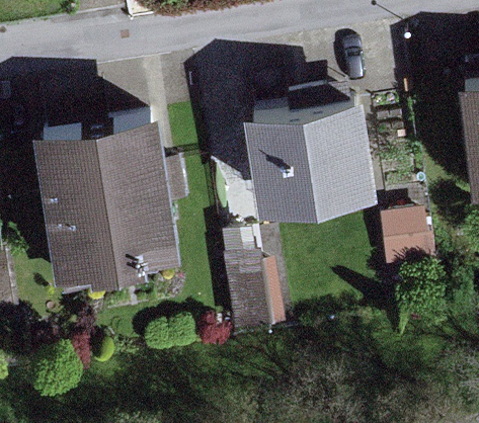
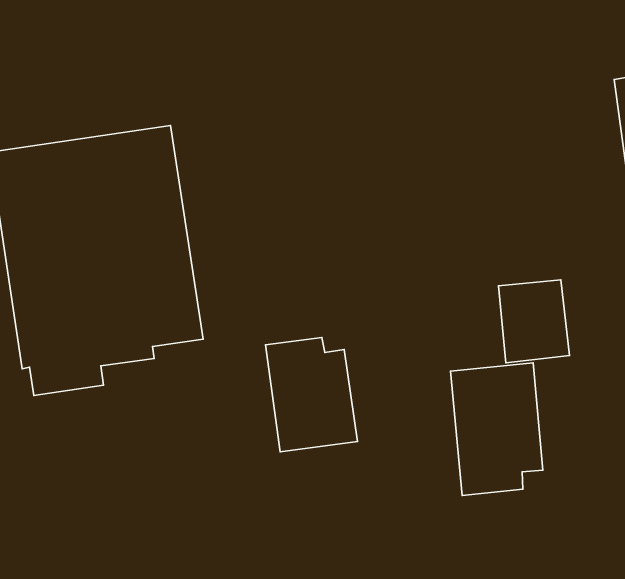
building: [243,98,376,210] -> none
building: none -> [450,363,543,496]

